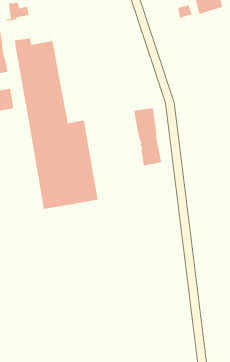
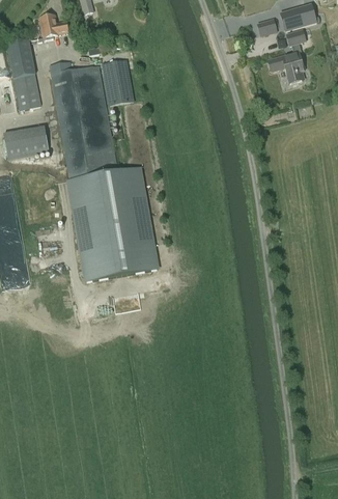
building: none -> [267,29,306,83]
building: none -> [101,59,134,105]
building: [134,107,162,166] -> none

